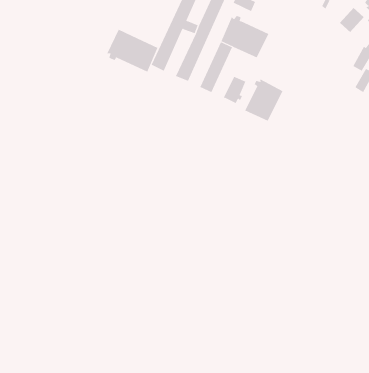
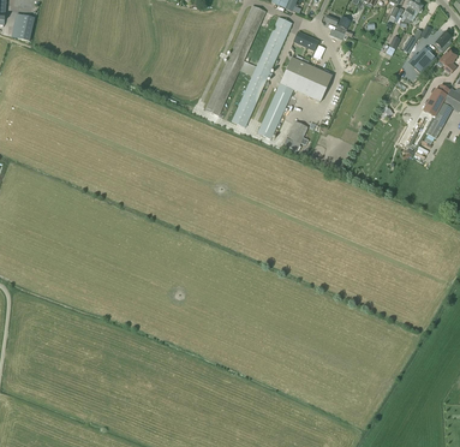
building: [107,29,158,72] -> none
building: [245,79,283,121] -> none

